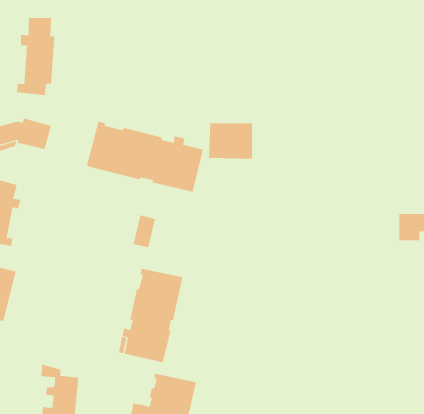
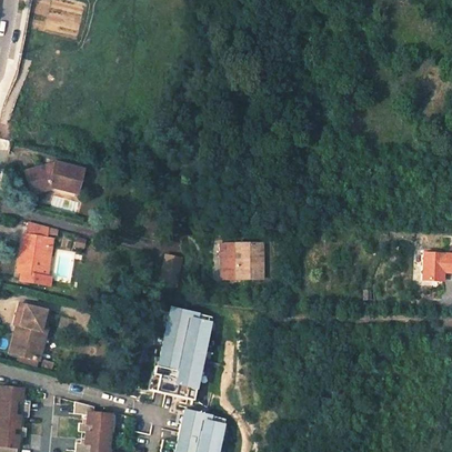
building: [16,17,55,96] -> none
building: [86,121,203,192] -> none
building: [208,123,253,159] -> [221,243,264,279]

